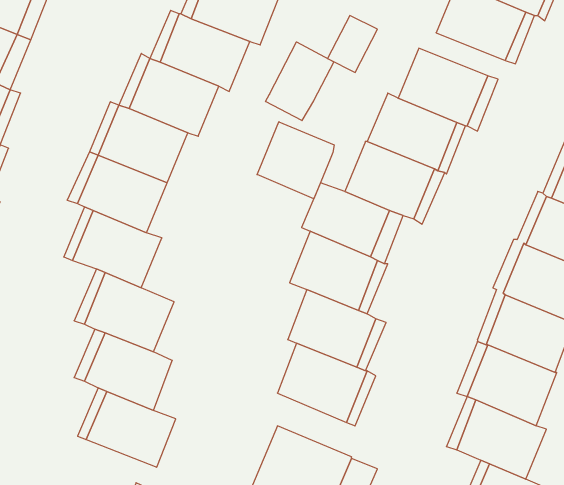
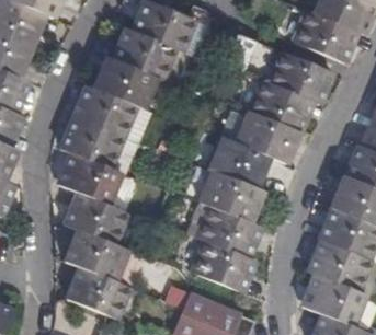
building: [266,42,334,121] -> none
building: [257,122,334,199] -> none

